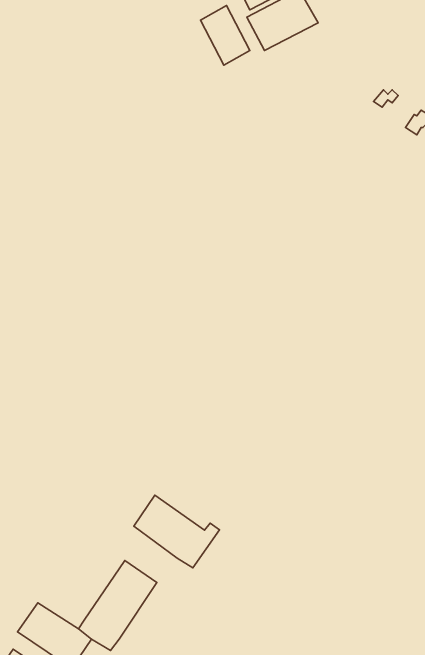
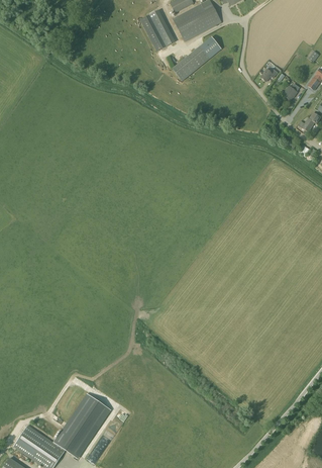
building: none -> [173,35,221,80]
building: [134,495,220,568] -> none

